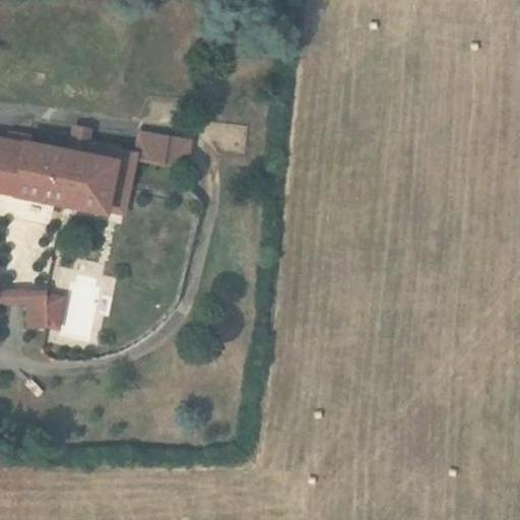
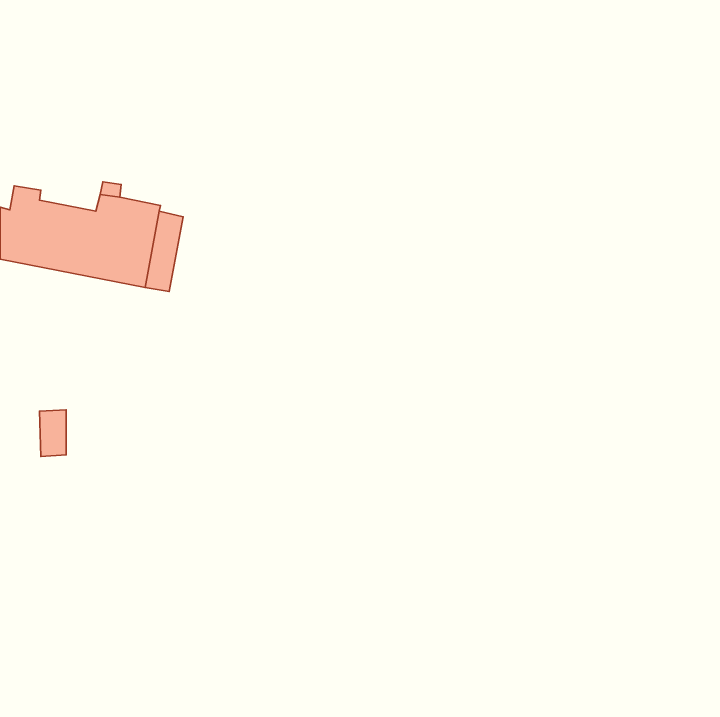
building: [134,135,189,168] -> none

